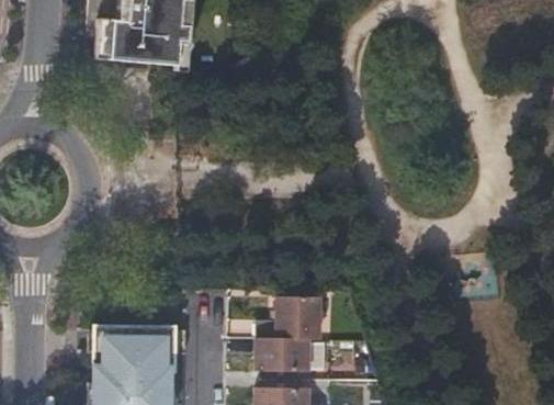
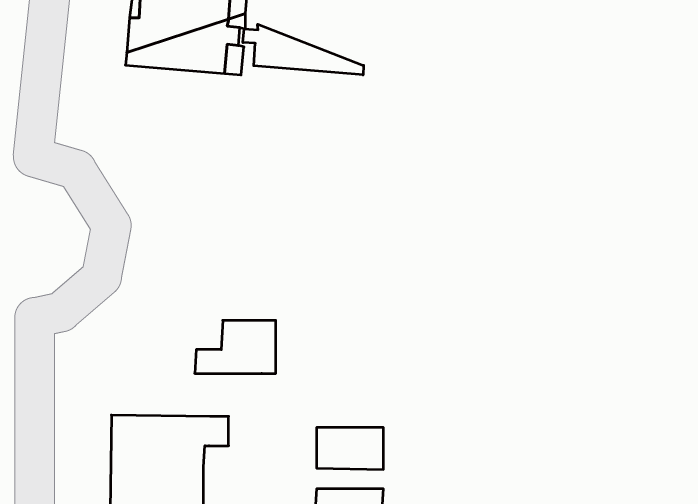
building: none -> [243,24,364,75]
building: [249,297,313,339] -> [195,320,276,373]

